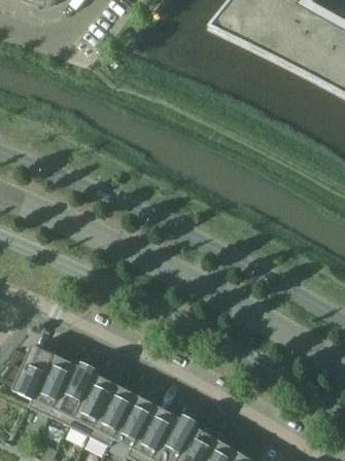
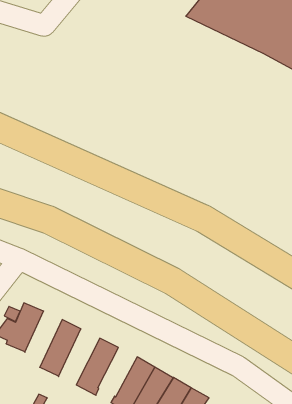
building: [29,349,74,411] -> none
building: [70,368,115,430] -> none
building: [113,389,157,444] -> none

